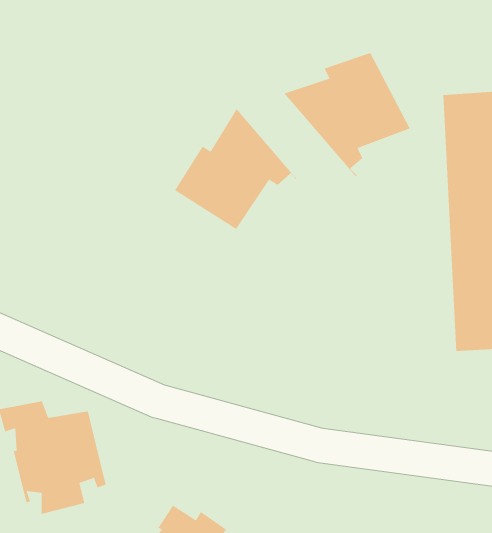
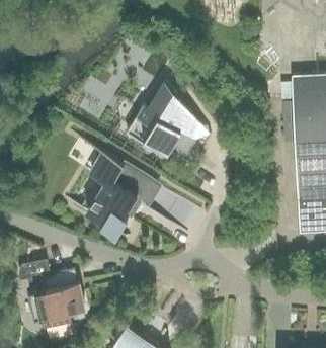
building: [284,52,410,177] -> none
building: none -> [84,154,157,232]

